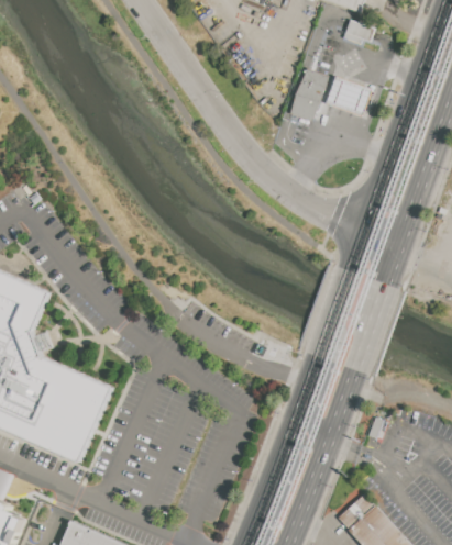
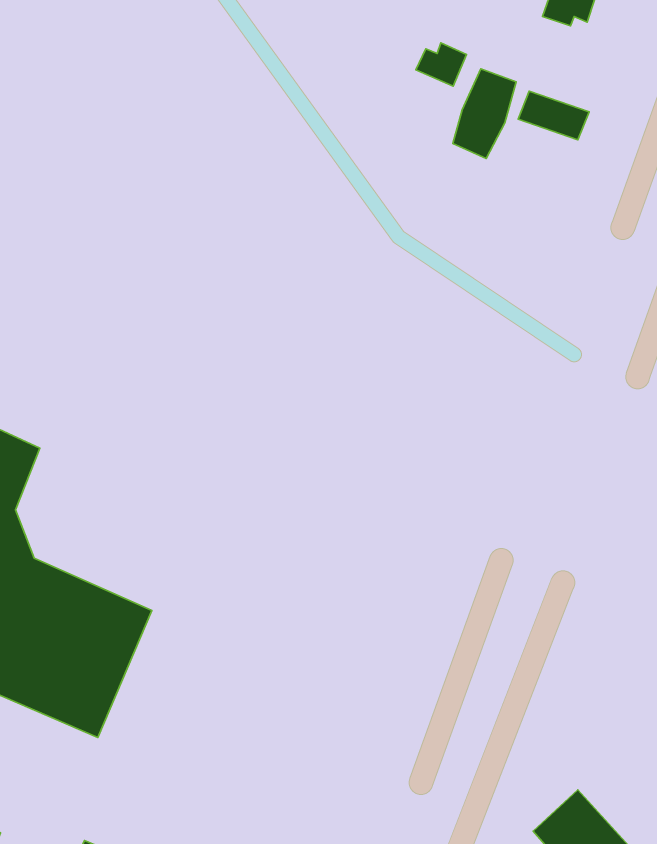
building: none -> [416,43,467,86]

